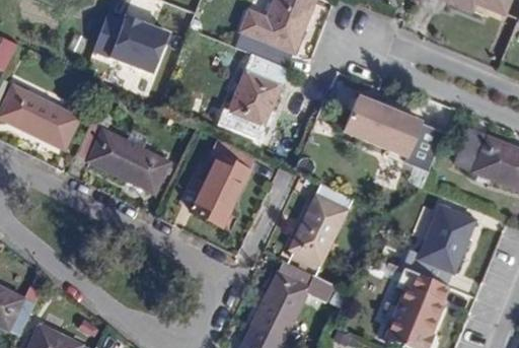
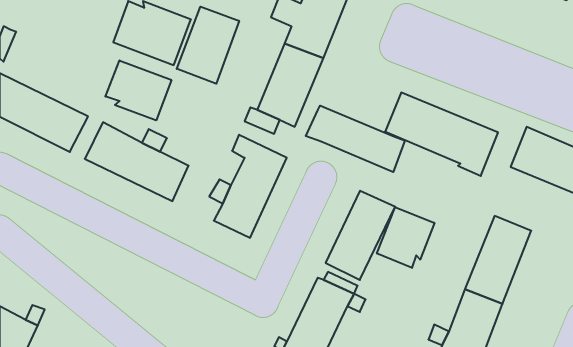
building: none -> [177,7,239,84]
building: none -> [105,60,171,120]
building: none -> [306,106,405,172]
building: none -> [377,207,434,268]

